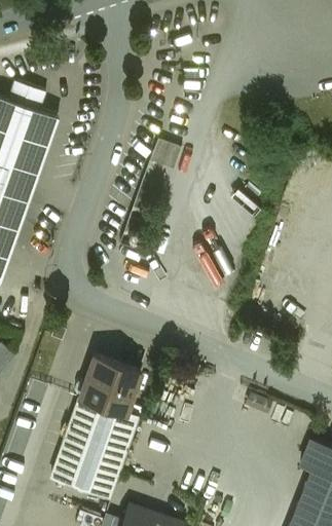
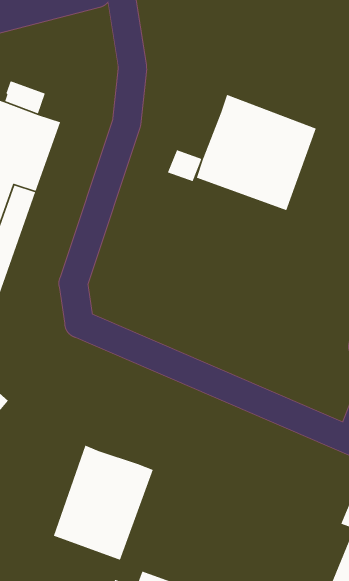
building: none -> [196,94,317,211]
building: [75,359,141,415] -> none

